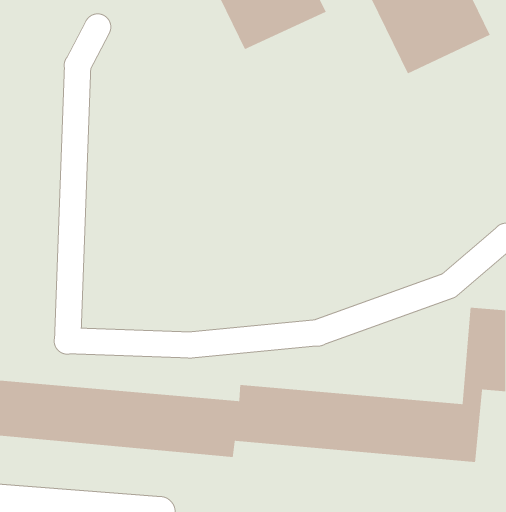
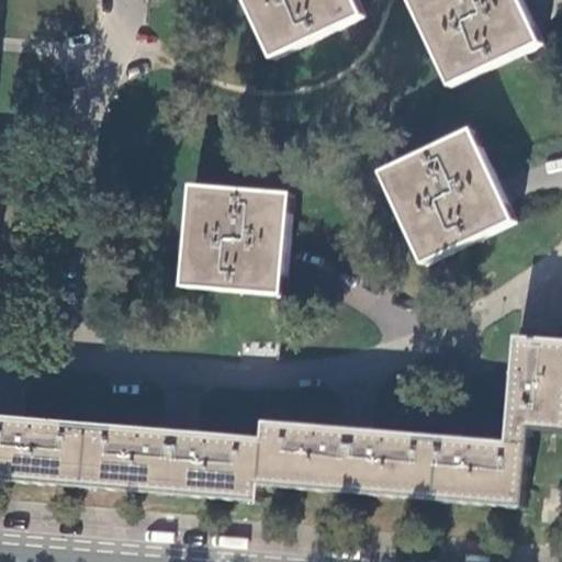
building: none -> [376,128,509,261]
building: none -> [180,182,288,292]

